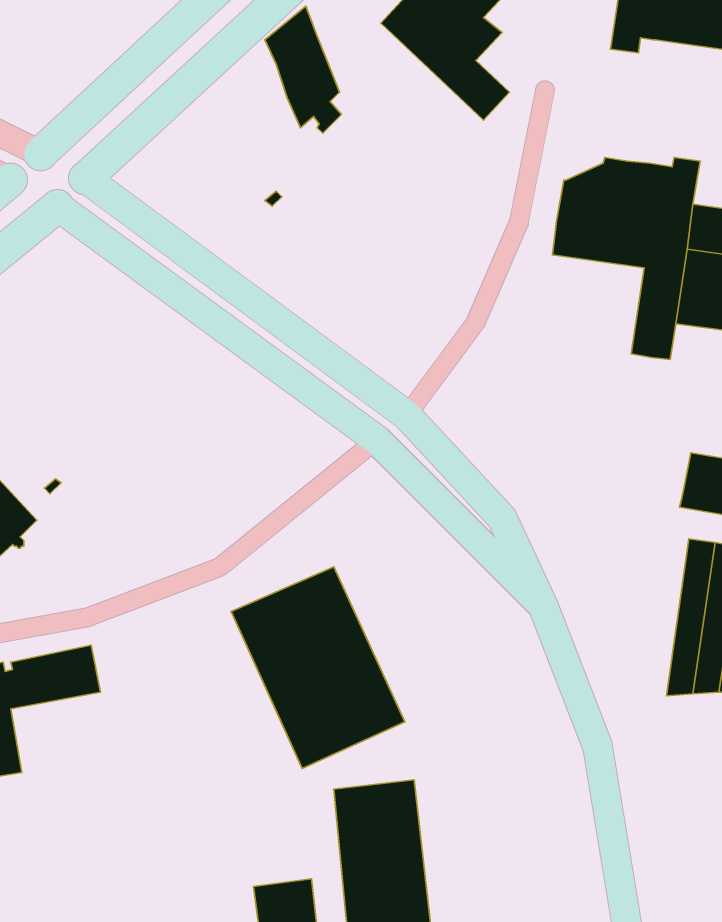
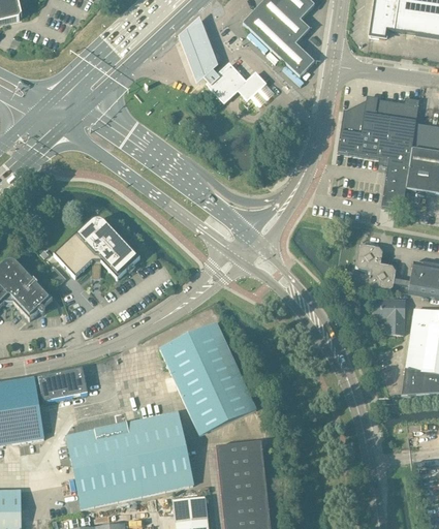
building: none -> [209,65,265,102]
building: none -> [54,221,140,278]
building: none -> [354,243,396,291]
building: none -> [373,298,403,333]
building: none -> [66,412,193,508]

